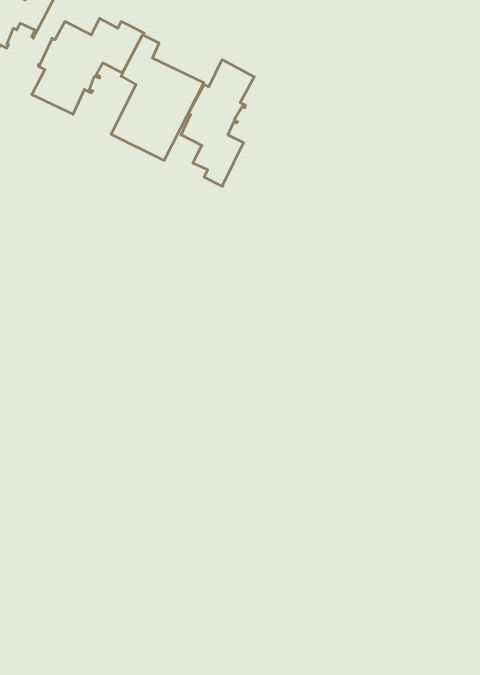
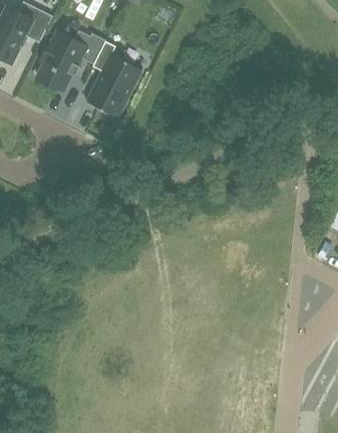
building: [181,60,254,186] -> none

